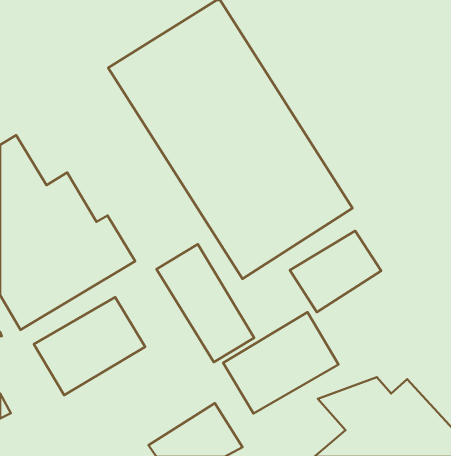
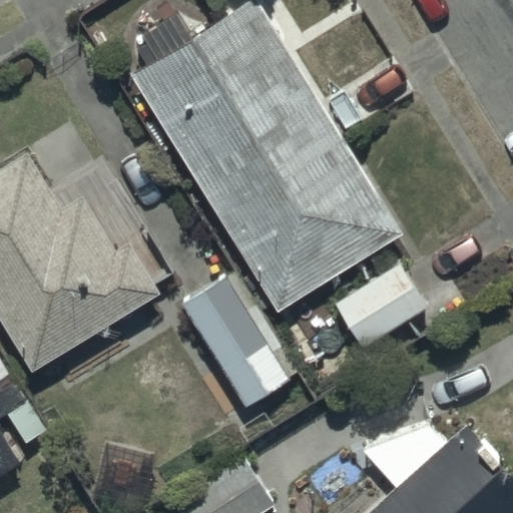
building: [34,297,145,395] -> none
building: [223,312,339,414] -> none

